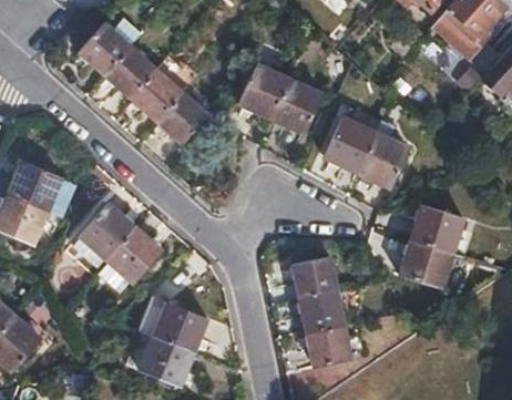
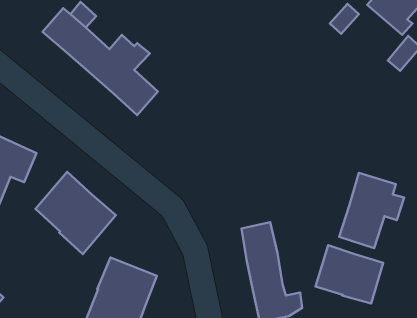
building: [239,66,321,133] -> none
building: [324,112,408,188] -> none
building: none -> [315,245,383,304]

